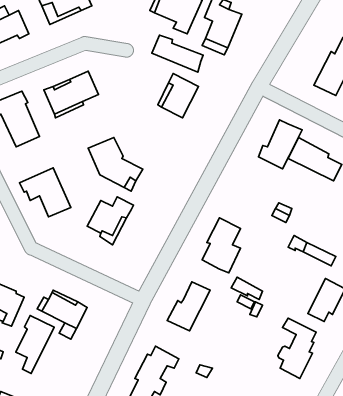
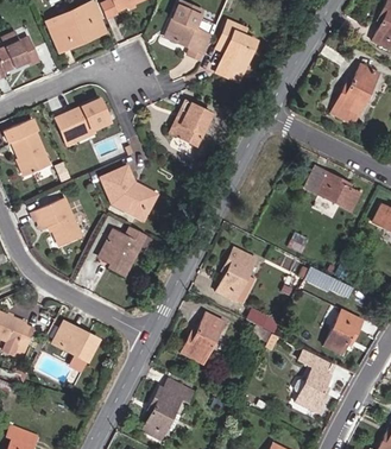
building: [152,35,203,72] -> none
building: [259,120,302,169] -> none
building: [16,315,54,373] -> none

